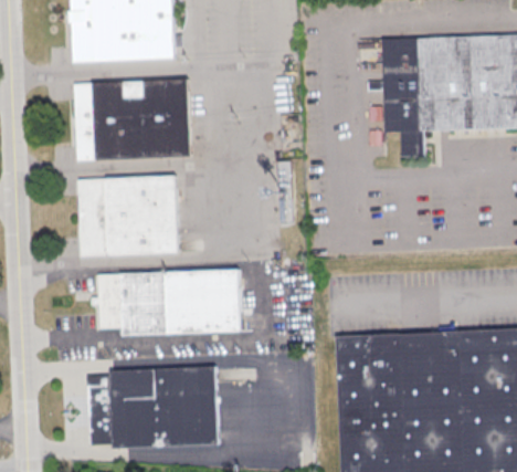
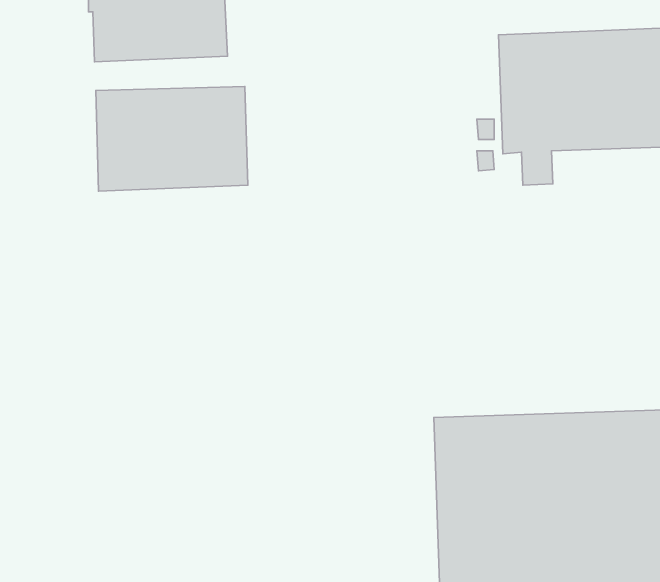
building: [80,175,178,255] -> none
building: [92,269,241,334] -> none
building: [87,367,218,448] -> none

